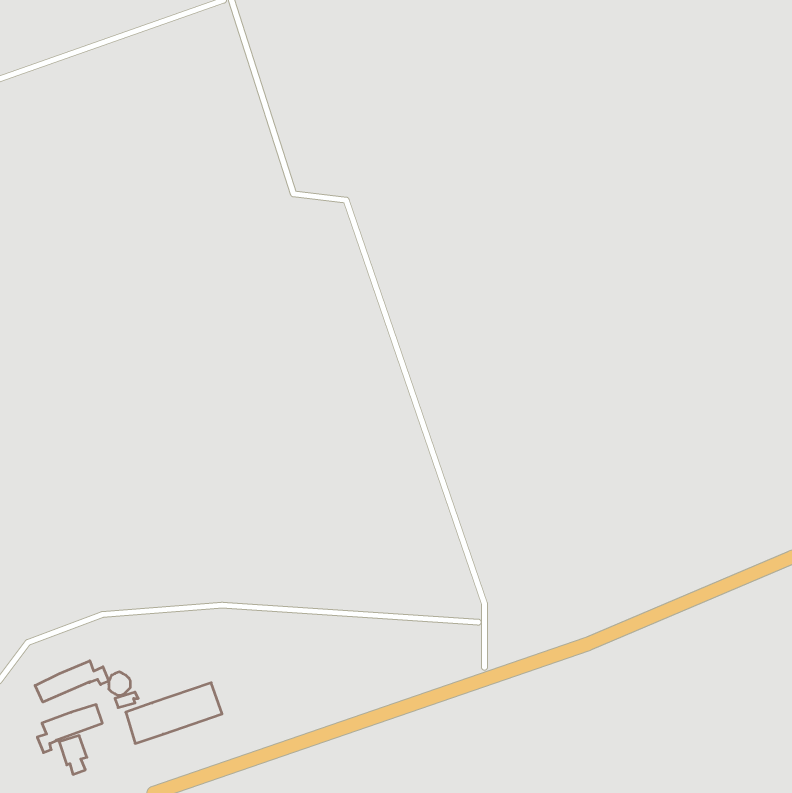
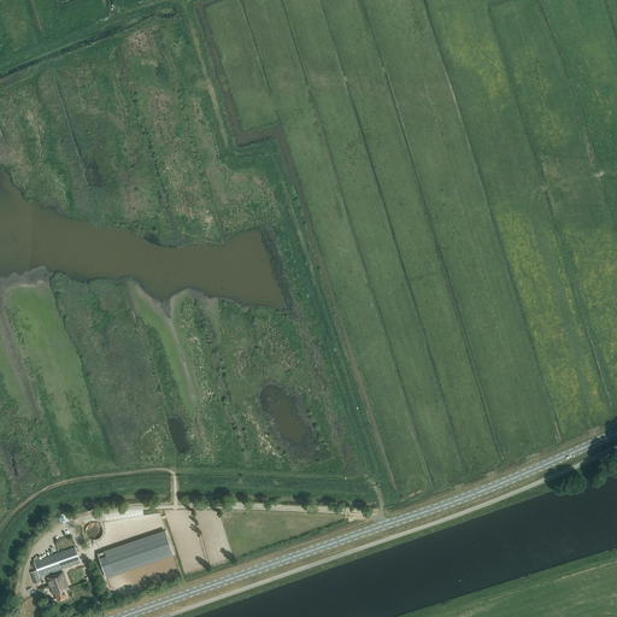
building: [35,661,109,702] -> none

